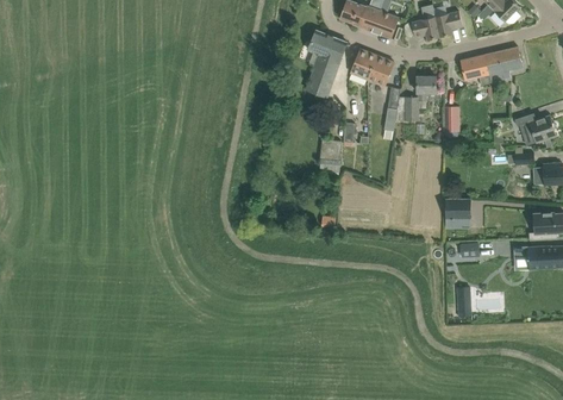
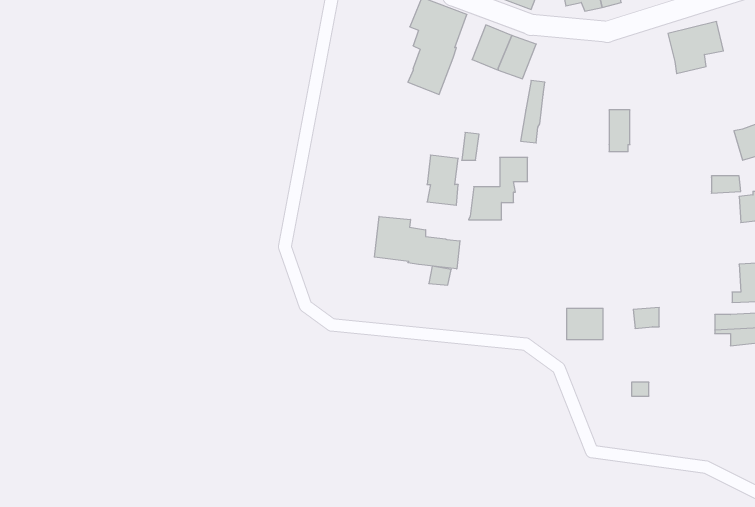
building: [461,55,490,85] -> none
building: [395,76,436,119] -> [469,157,528,220]
building: none -> [374,216,460,269]
building: [445,196,470,218] -> [567,308,603,340]

